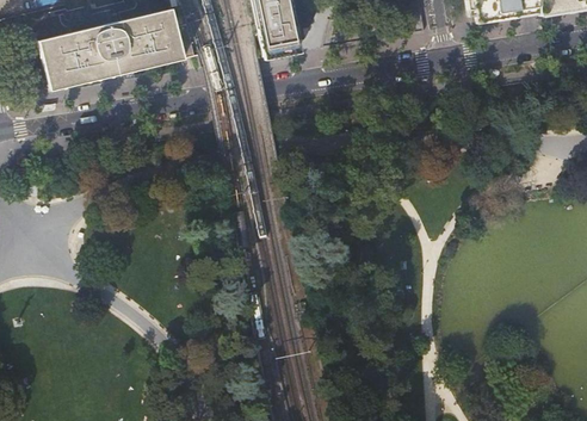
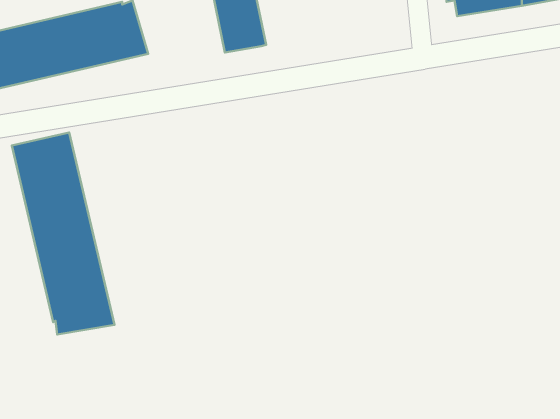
building: none -> [12,132,115,334]

